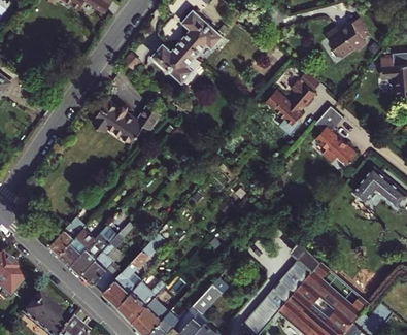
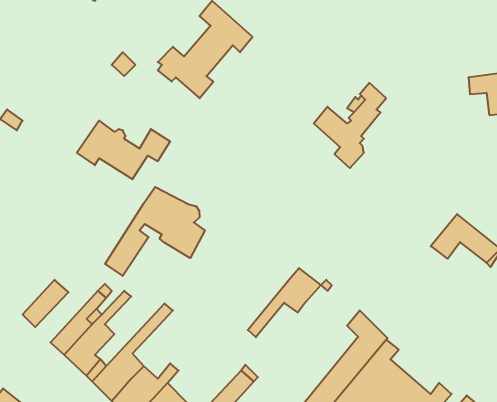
building: [327,22,366,57] -> none
building: [314,106,358,166] -> none
building: none -> [105,187,205,276]
building: none -> [248,268,321,337]
building: [61,226,97,263] -> none

